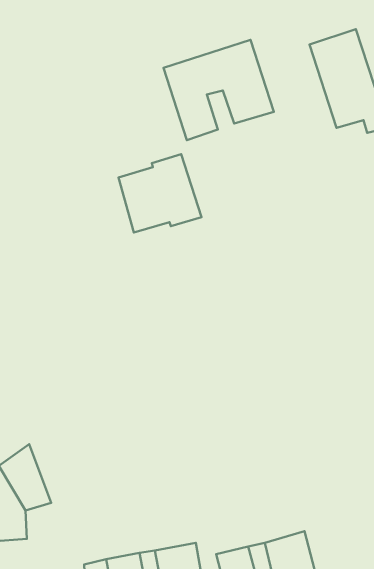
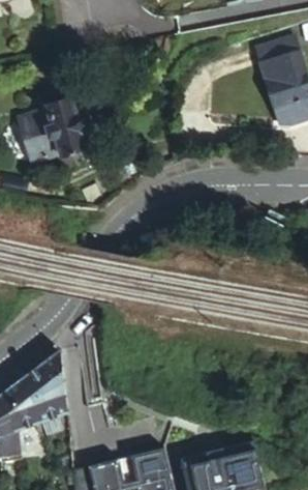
building: [163,40,274,140] -> none
building: [118,154,202,232] -> [19,96,86,160]
building: none -> [29,347,69,419]

